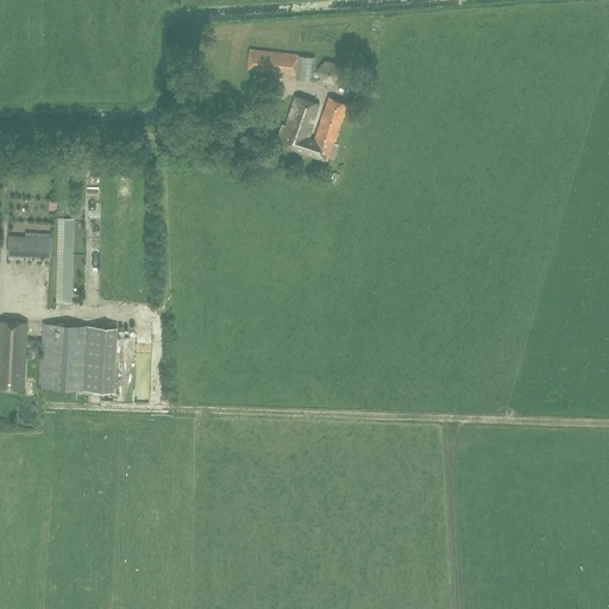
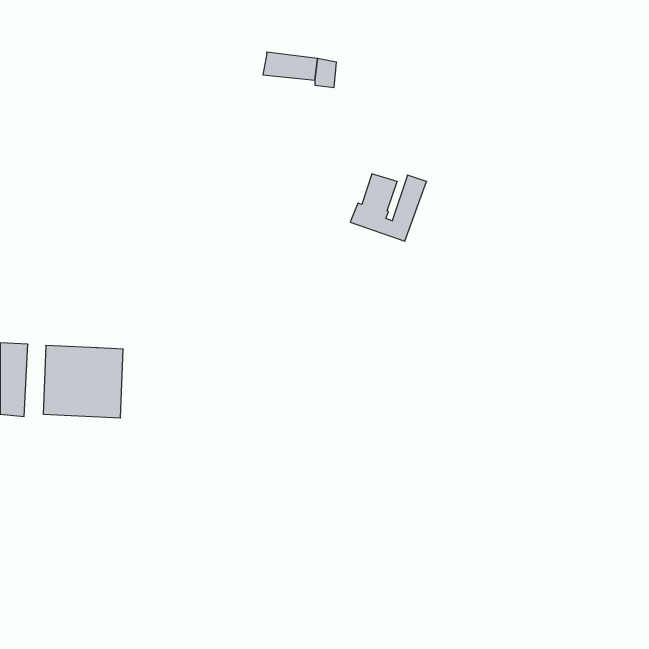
building: [275,96,346,159] -> [350,174,427,241]
building: [7,237,51,256] -> none

